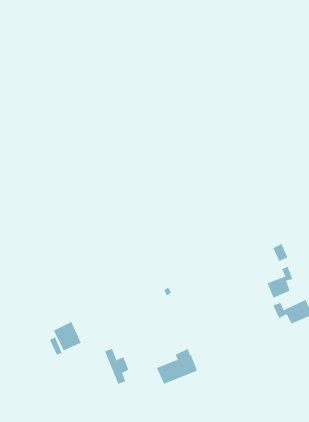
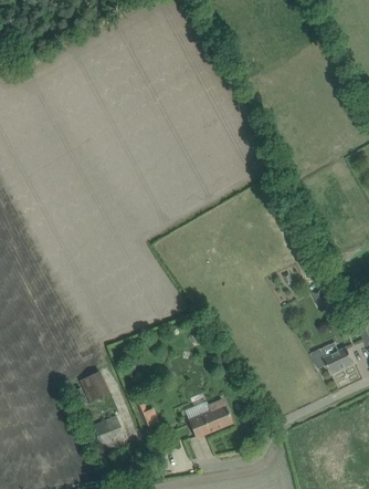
building: [267,266,293,299] -> none
building: none -> [92,414,126,451]

